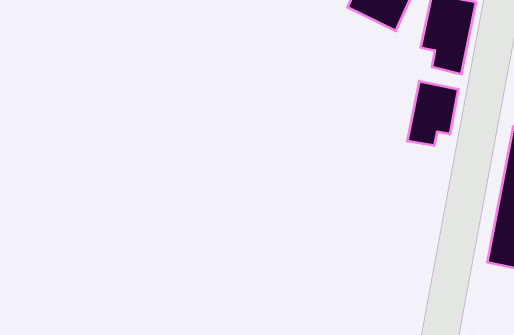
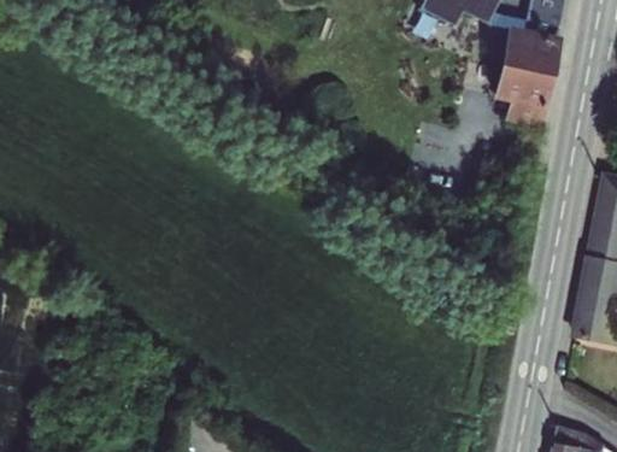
building: [407,81,458,146] -> none

